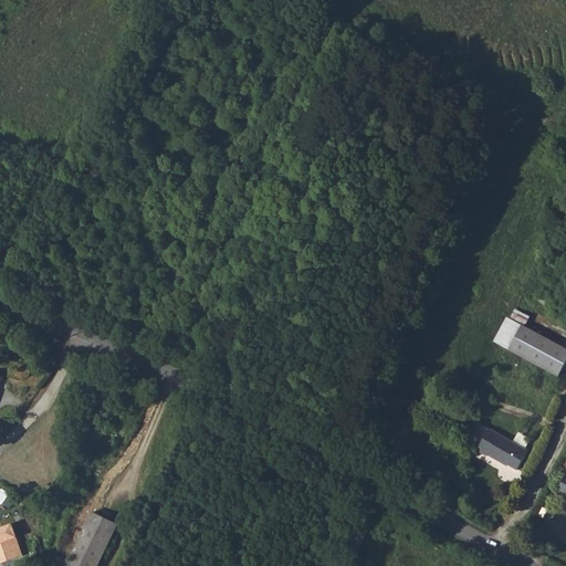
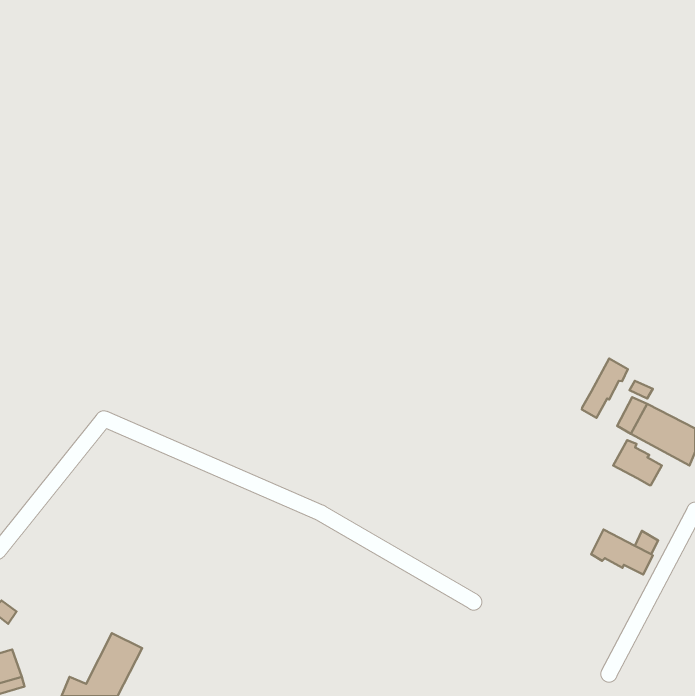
building: none -> [582,359,628,418]
building: none -> [613,440,662,485]

